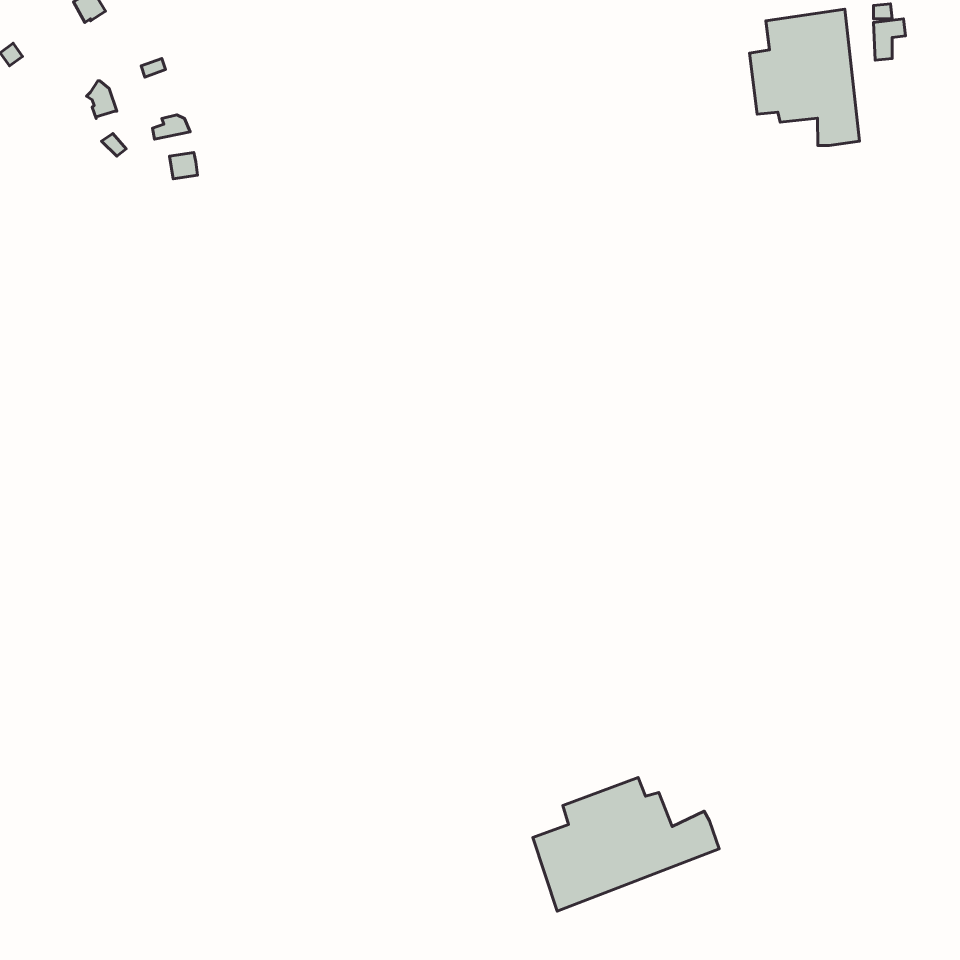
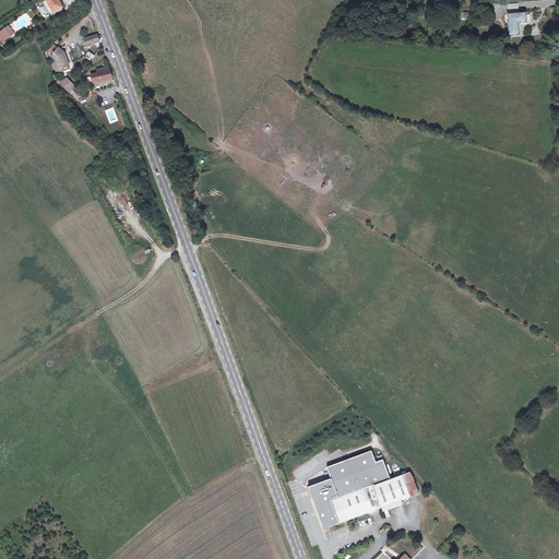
building: [750,9,860,146] -> none

